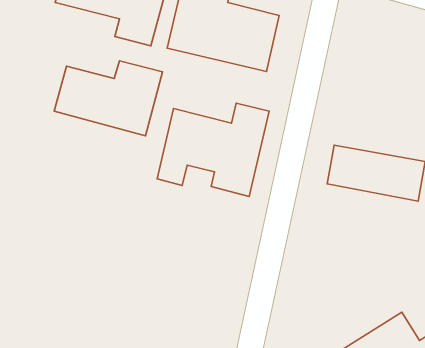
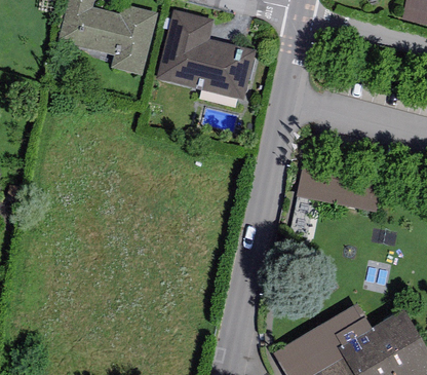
building: [54,61,163,136] -> none
building: [157,103,269,196] -> none

